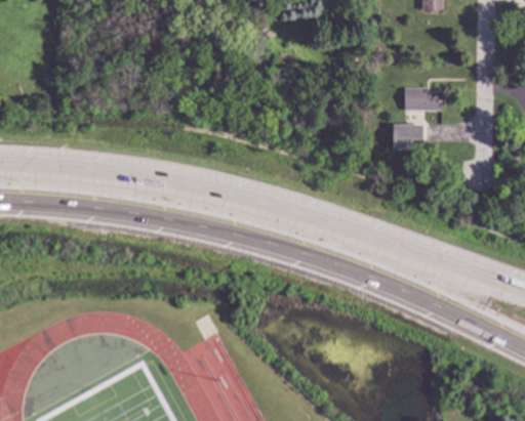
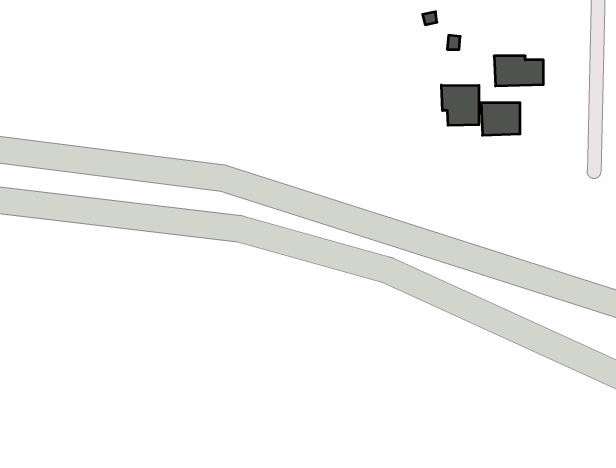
building: none -> [441,85,479,125]

